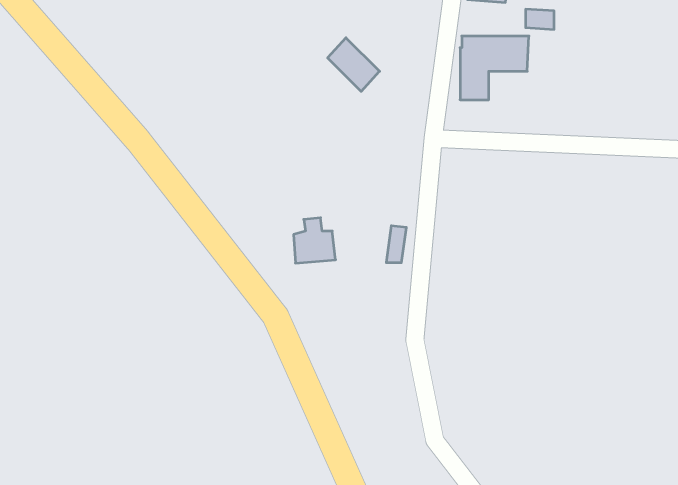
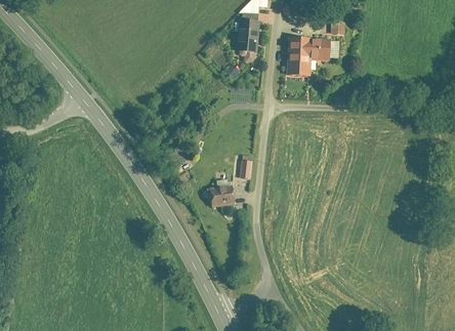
building: none -> [236,20,254,53]
building: [294,218,336,263] -> [211,177,237,205]

